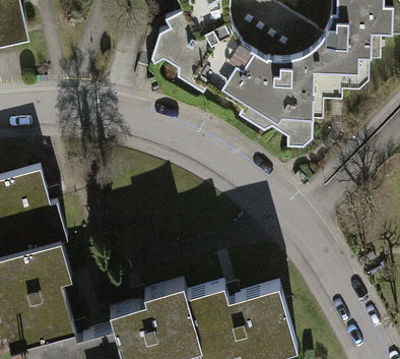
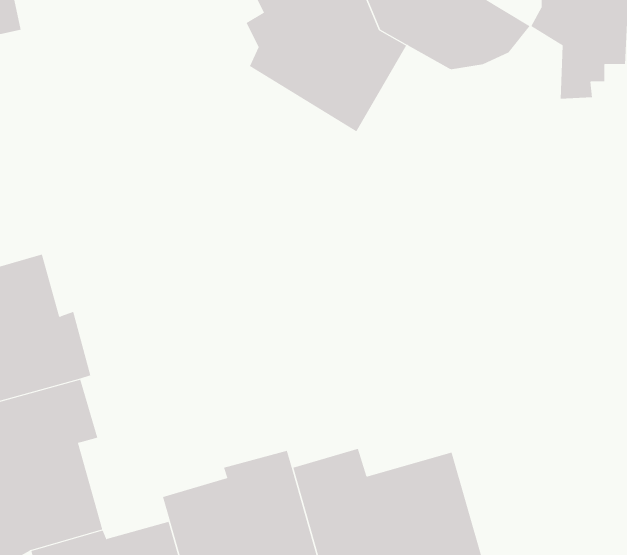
building: [222,38,342,141] -> none

